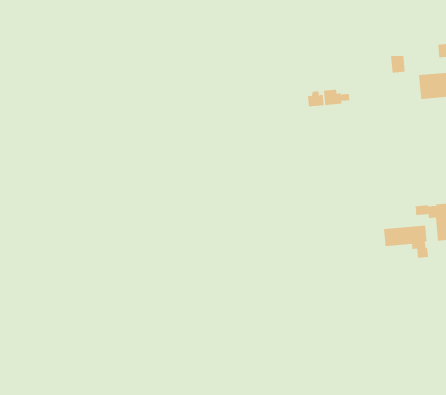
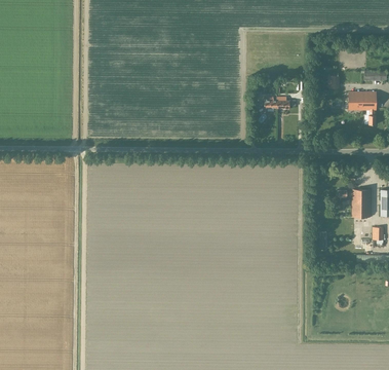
building: [384,225,428,258] -> none

